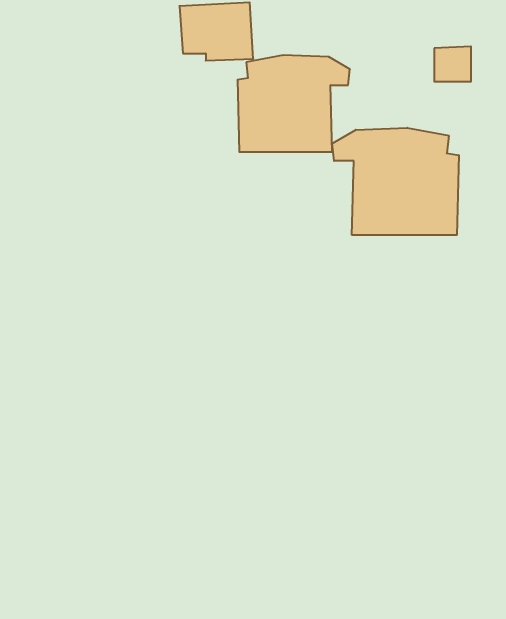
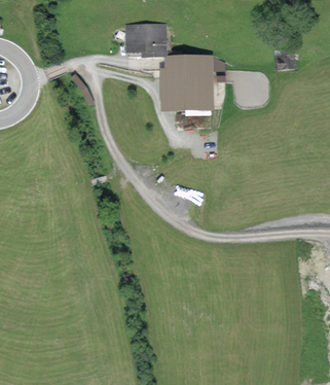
building: [332,128,459,235] -> none

